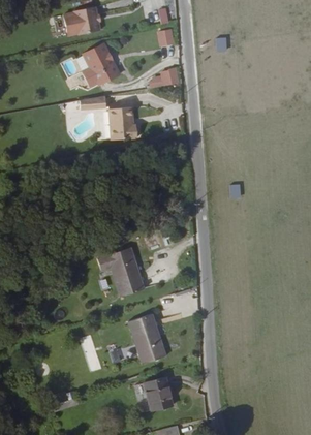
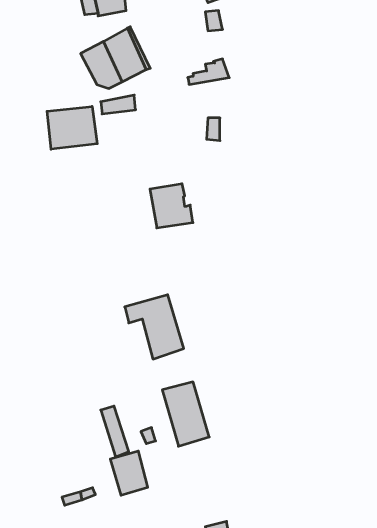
building: none -> [47,106,97,149]
building: [105,108,138,143] -> [150,184,193,228]
building: [142,375,170,409] -> [110,451,148,495]

